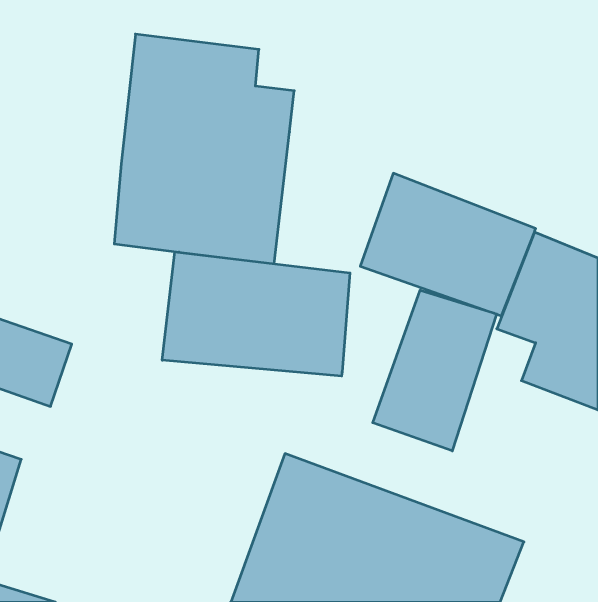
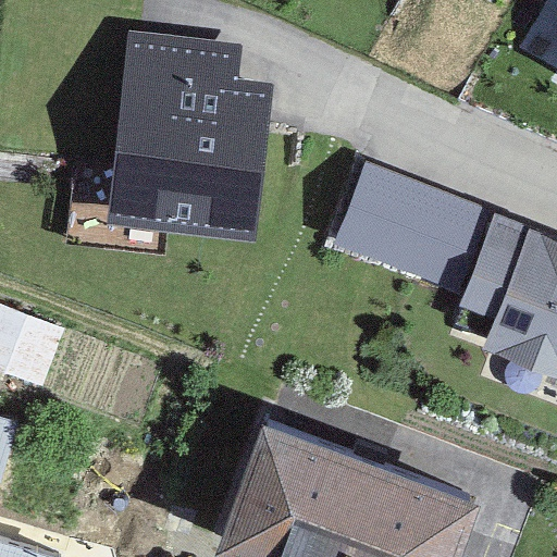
building: [162,252,350,376] -> none
building: [373,290,497,451] -> none

